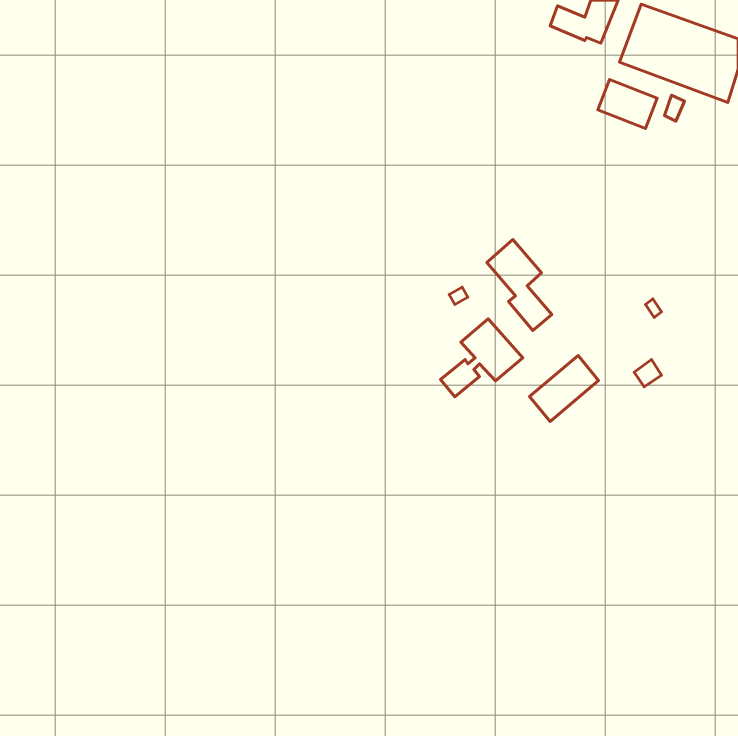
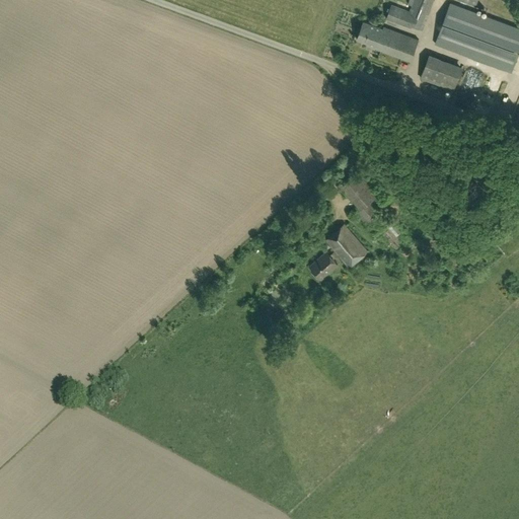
building: none -> [356,22,418,62]
building: [530,356,599,421] -> none

